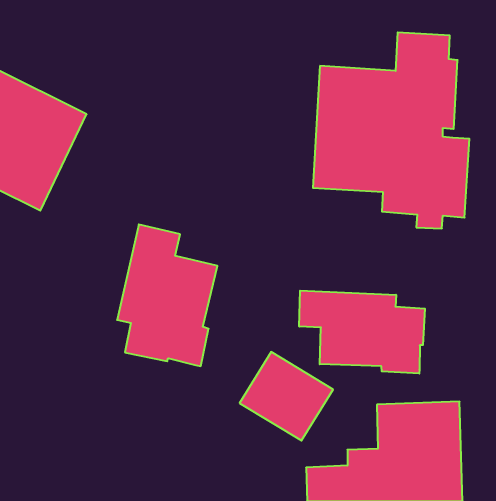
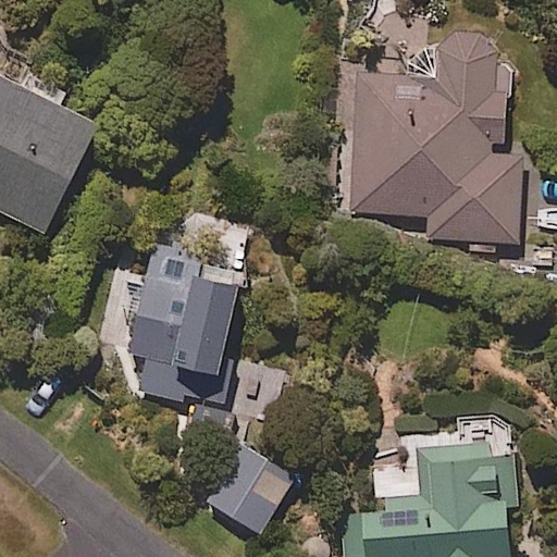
building: [299,291,425,374] -> none
building: [240,352,333,441] -> [201,443,305,541]

